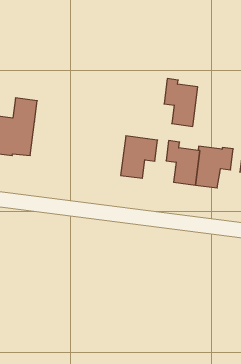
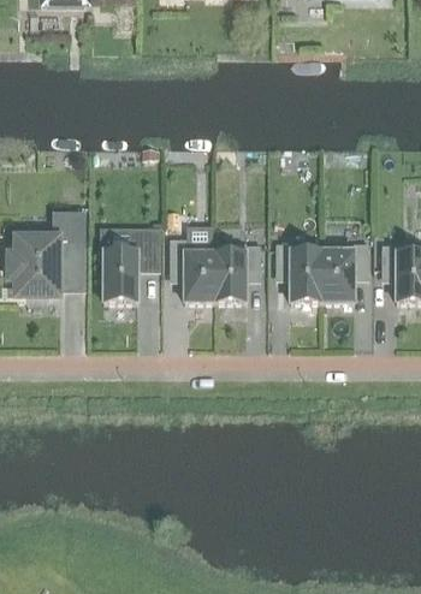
building: [164,79,198,126] -> [170,239,214,302]
building: none -> [103,232,156,302]

